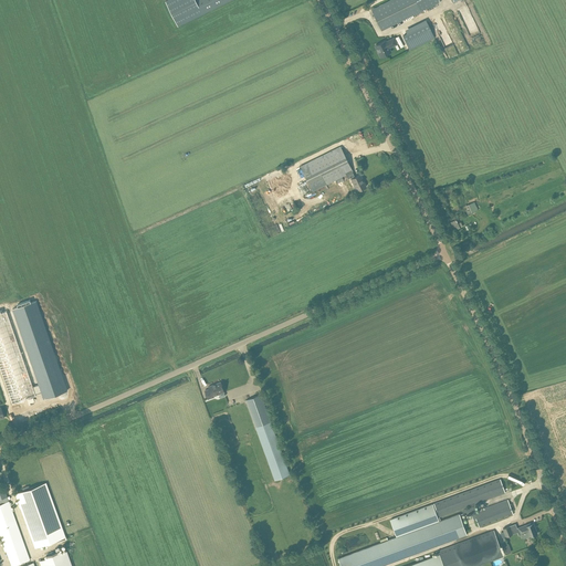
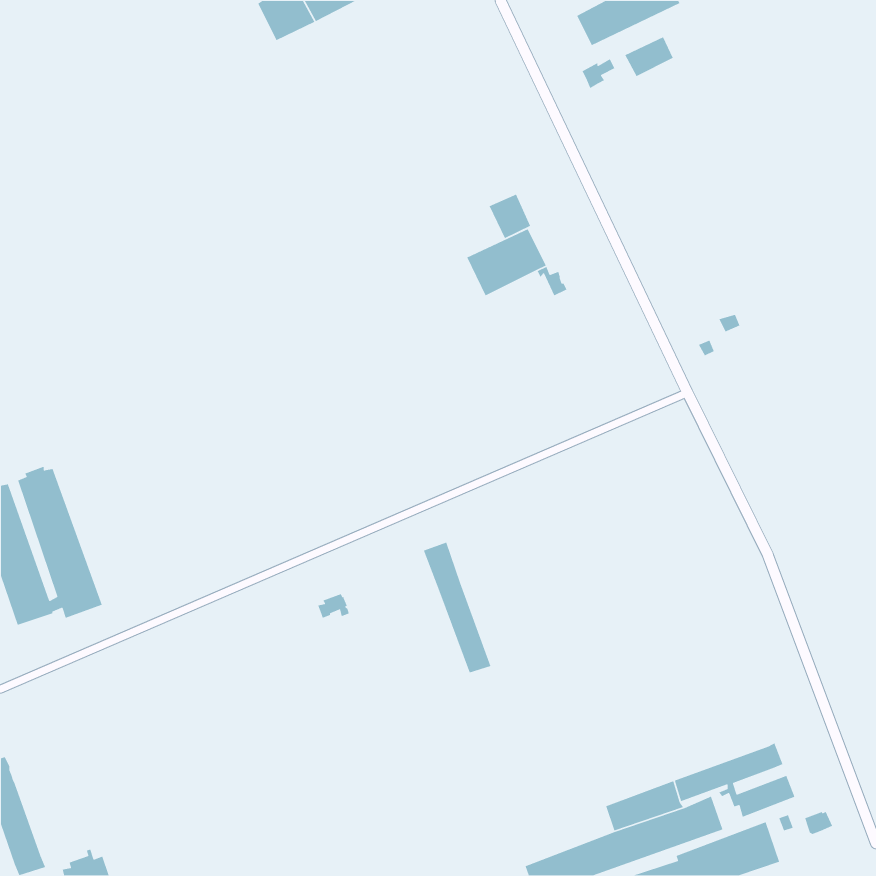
building: none -> [488,194,531,239]
building: [245,395,290,480] -> [423,541,492,673]
building: [15,483,65,547] -> none

